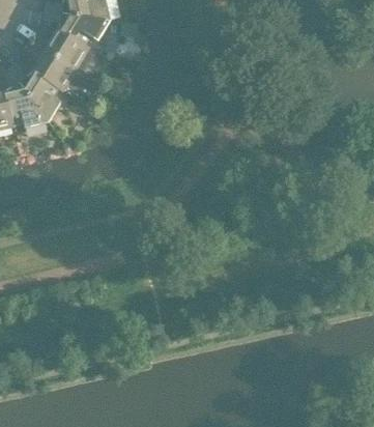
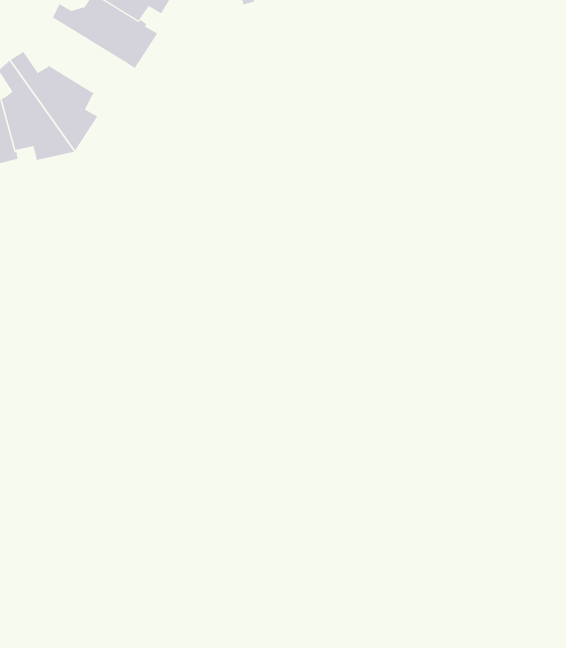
building: [30,44,78,92] -> none

